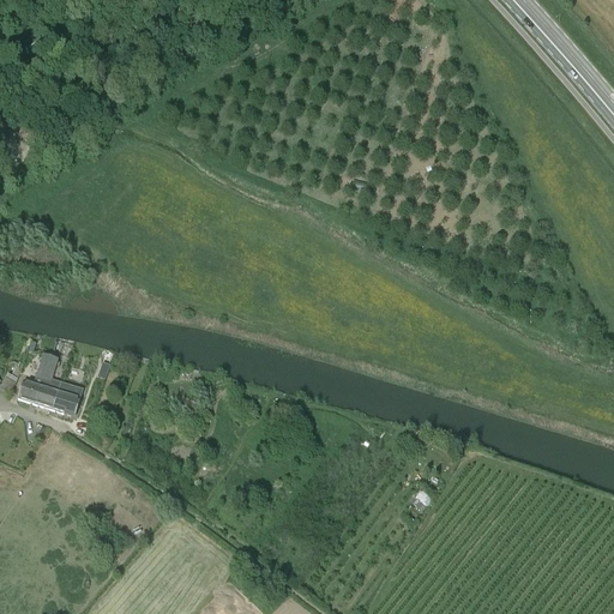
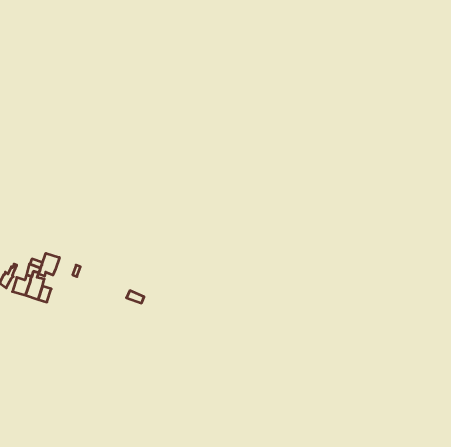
building: none -> [39,253,59,276]

